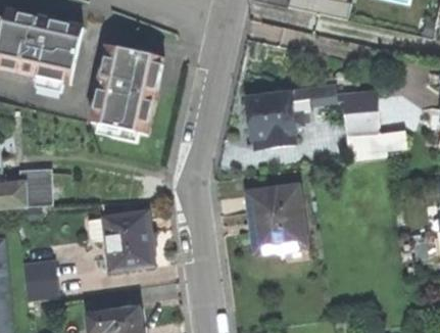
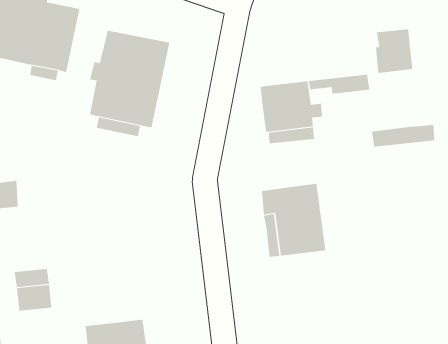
building: [345,95,380,136] -> [375,29,413,74]
building: [21,169,52,204] -> none
building: [90,210,154,268] -> none

